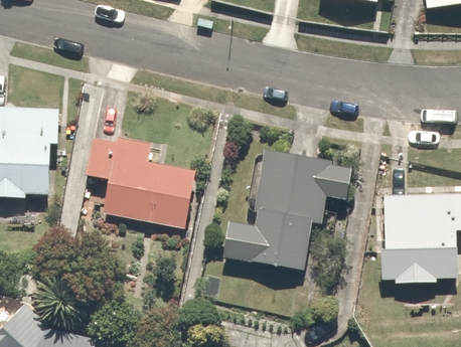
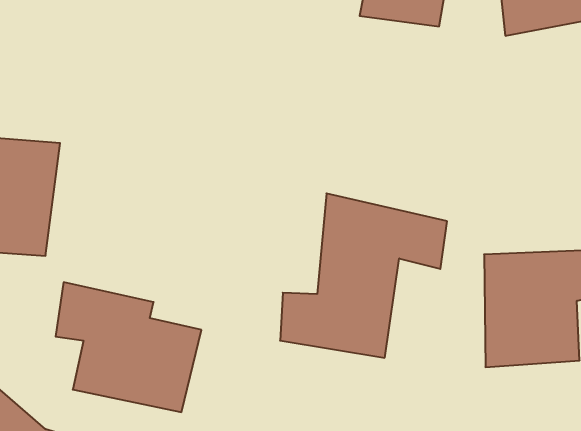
building: [92,133,202,231] -> [56,282,201,412]

